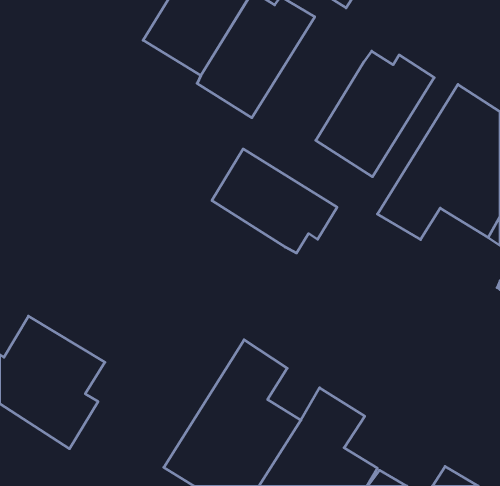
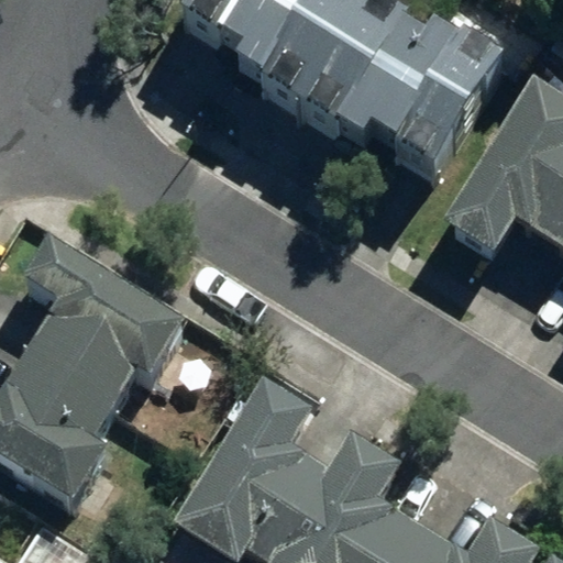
building: none -> [283,19,408,172]
building: [212,149,337,253] -> none
building: none -> [31,240,189,406]

